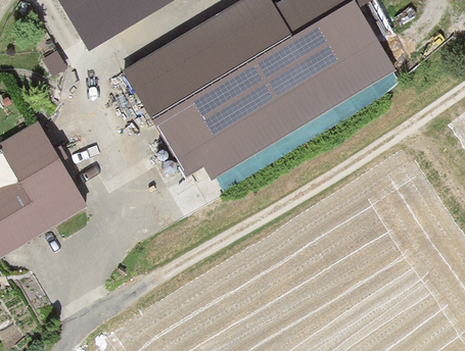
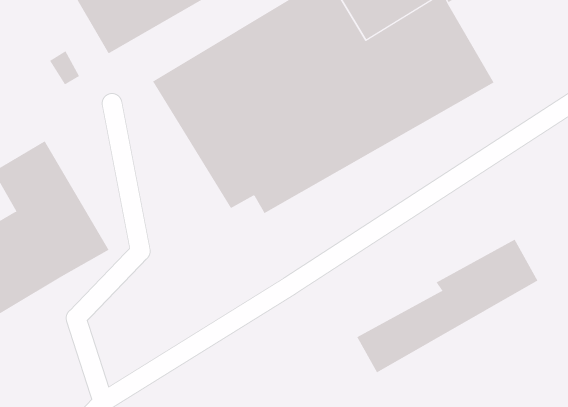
building: none -> [357,239,538,373]

